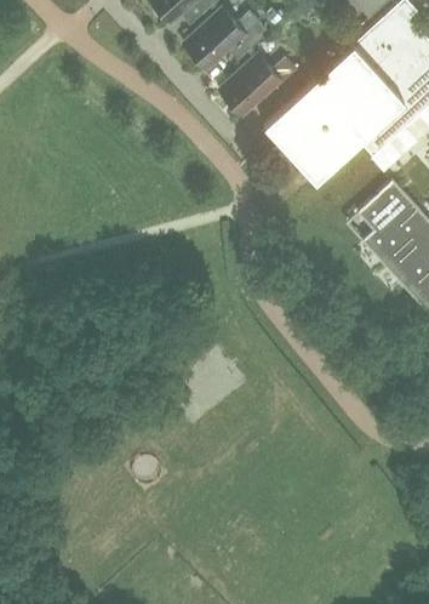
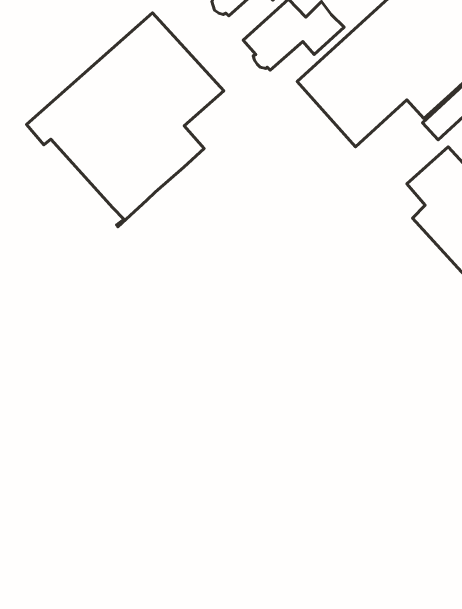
building: none -> [26,13,224,227]

